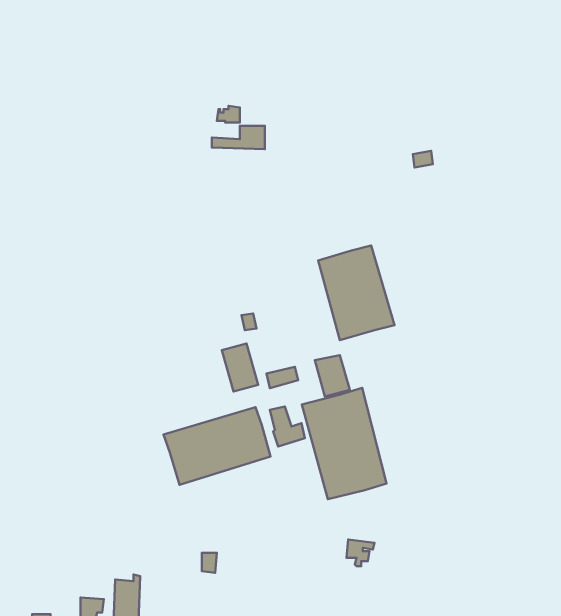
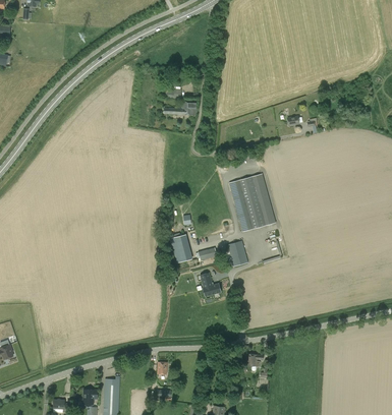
building: [302,388,387,499] -> none
building: [164,407,270,485] -> none

